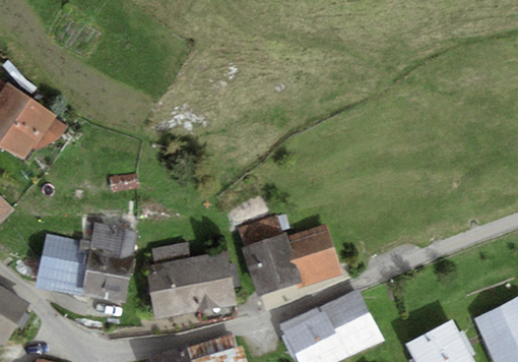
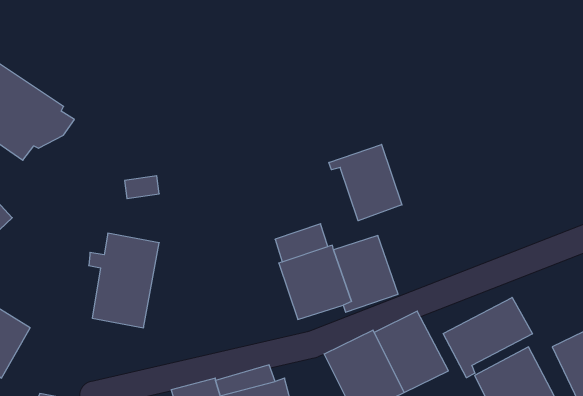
building: none -> [329,144,402,221]
building: [37,235,88,295] -> none
building: [143,243,237,324] -> none
building: none -> [443,297,532,378]

